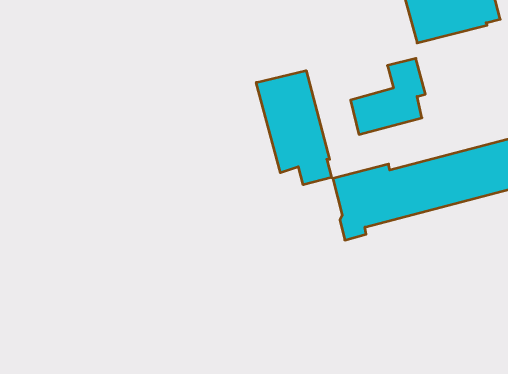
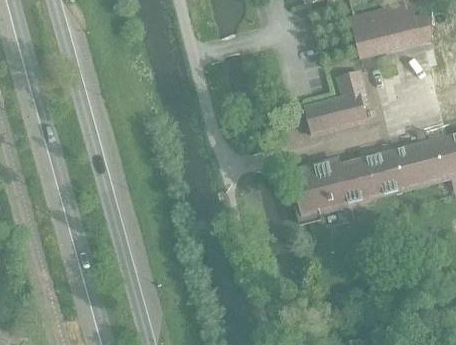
building: [256,71,332,185] -> none

